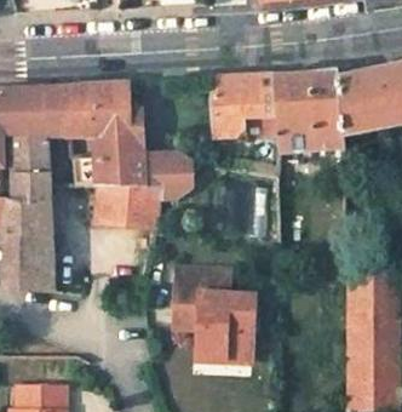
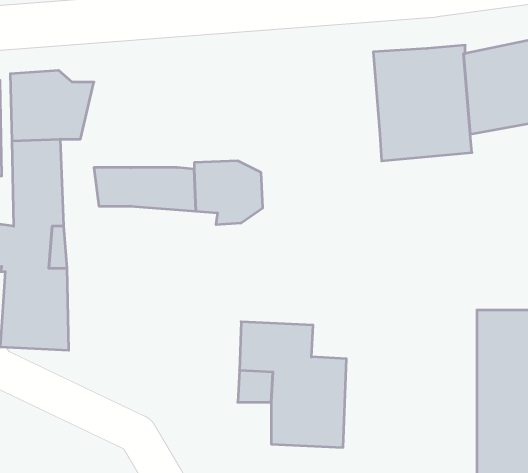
building: [211,74,276,137] -> none
building: [59,81,142,159] -> none
building: [93,185,159,223] -> none

